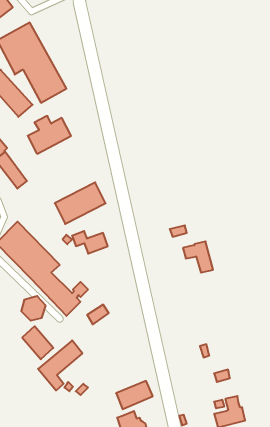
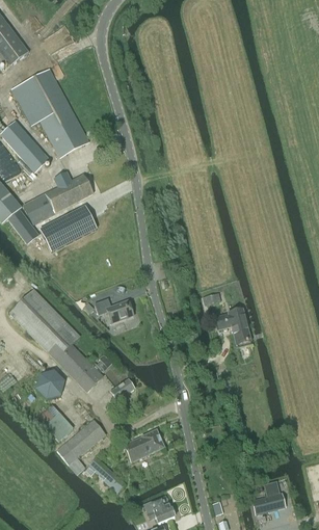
building: none -> [22,193,55,224]
building: [55,182,106,224] -> [39,206,96,251]
building: [116,381,153,409] -> [124,430,164,461]

